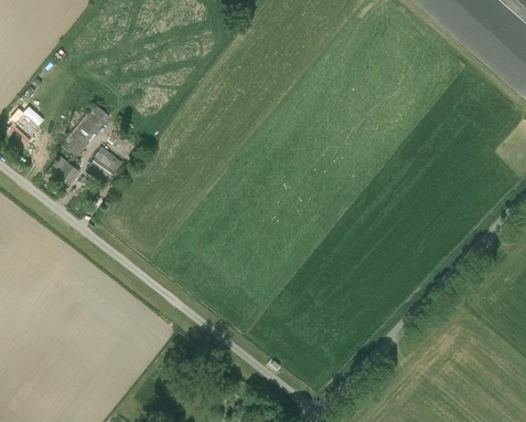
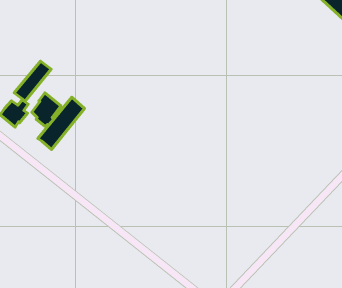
building: none -> [38,97,84,150]

